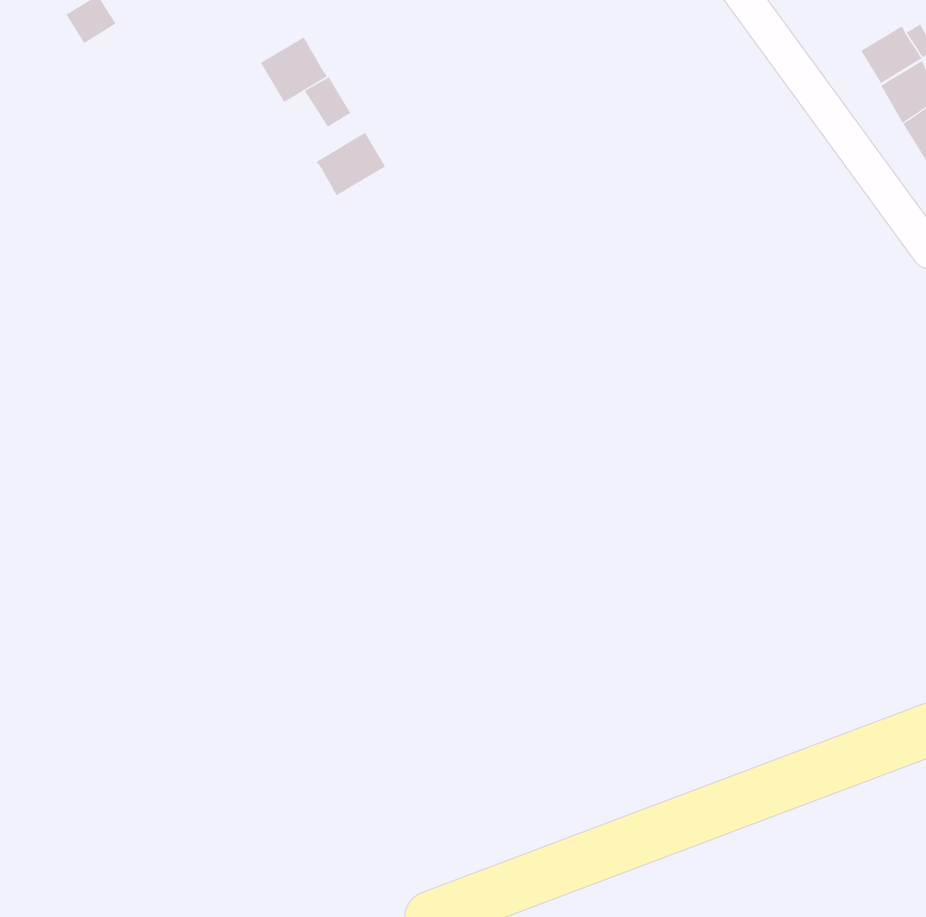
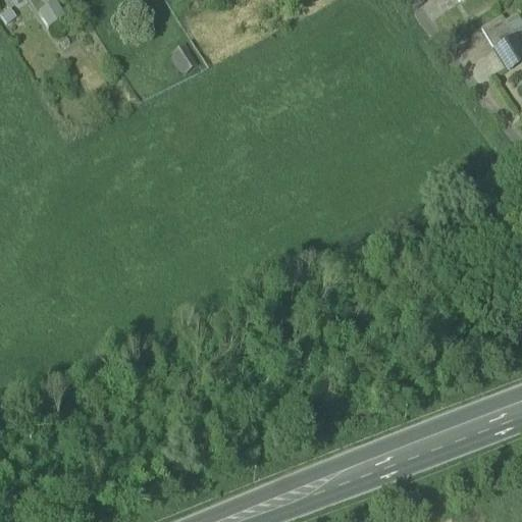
building: [260,36,328,103] -> none
building: [316,132,386,196] -> none

